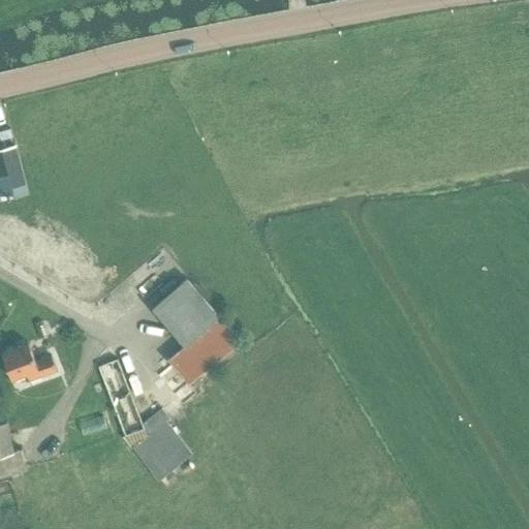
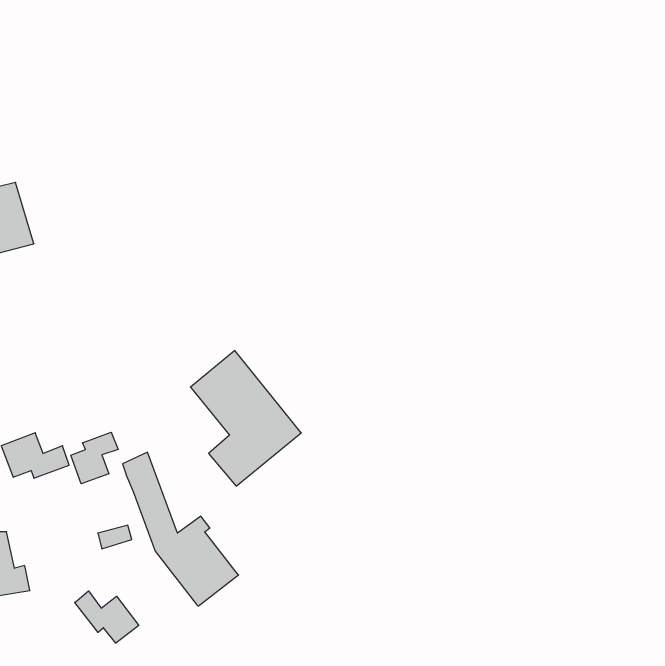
building: none -> [71,432,118,484]
building: none -> [75,591,139,643]

